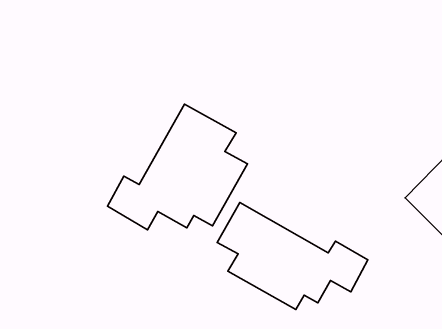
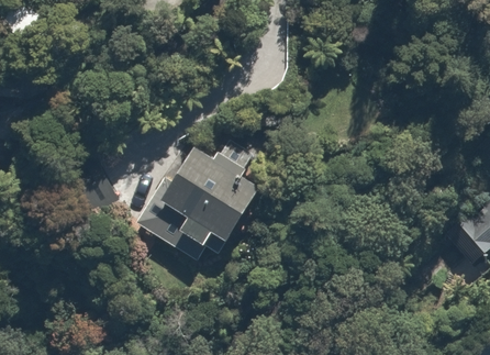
building: [217,203,368,310] -> none

